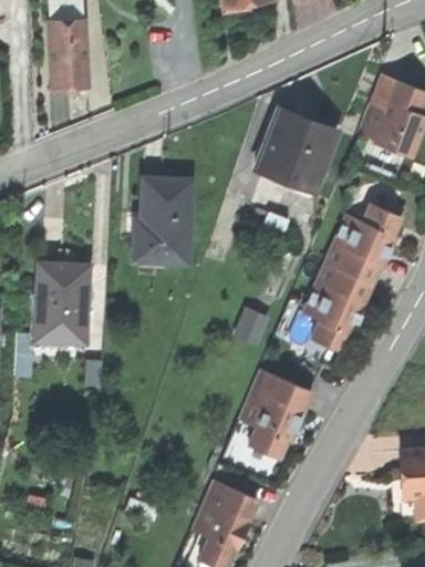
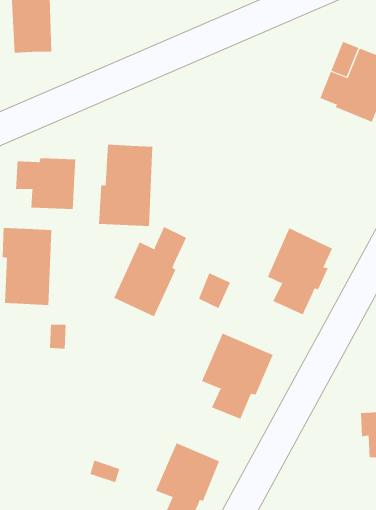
building: [256,110,338,192] -> none
building: none -> [15,157,76,210]
building: [328,204,401,285] -> none
building: none -> [113,226,187,317]

